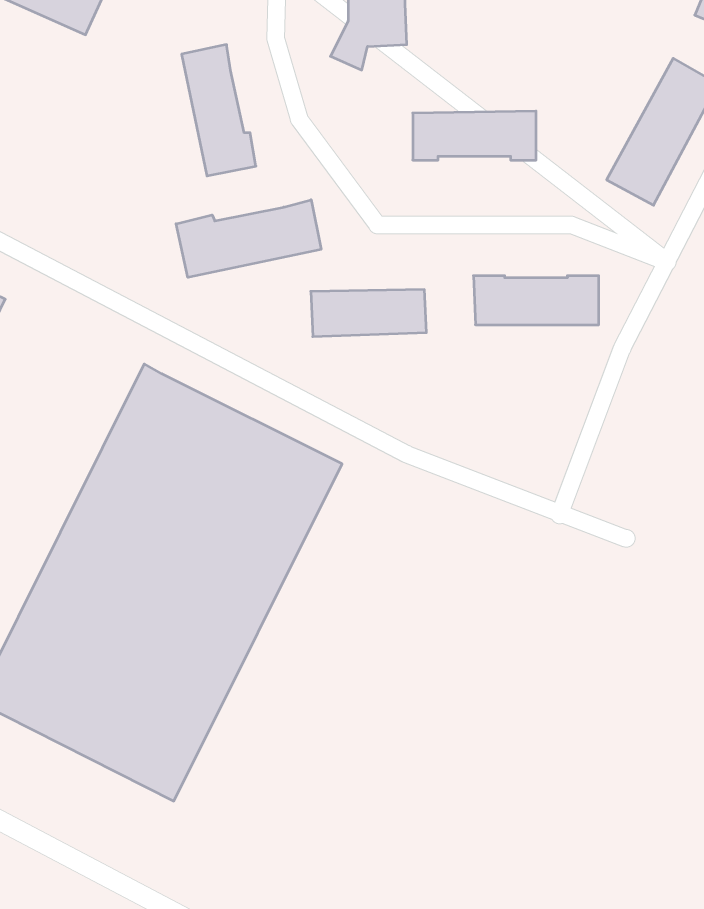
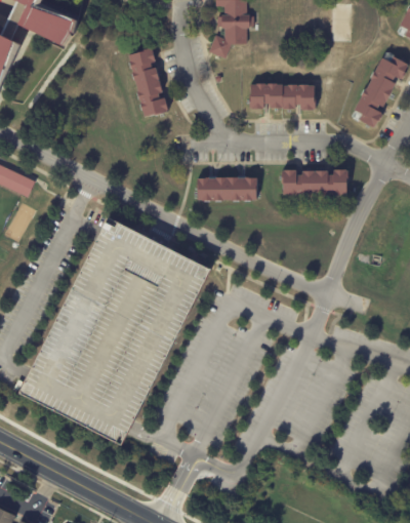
building: [176,200,321,277] -> none

